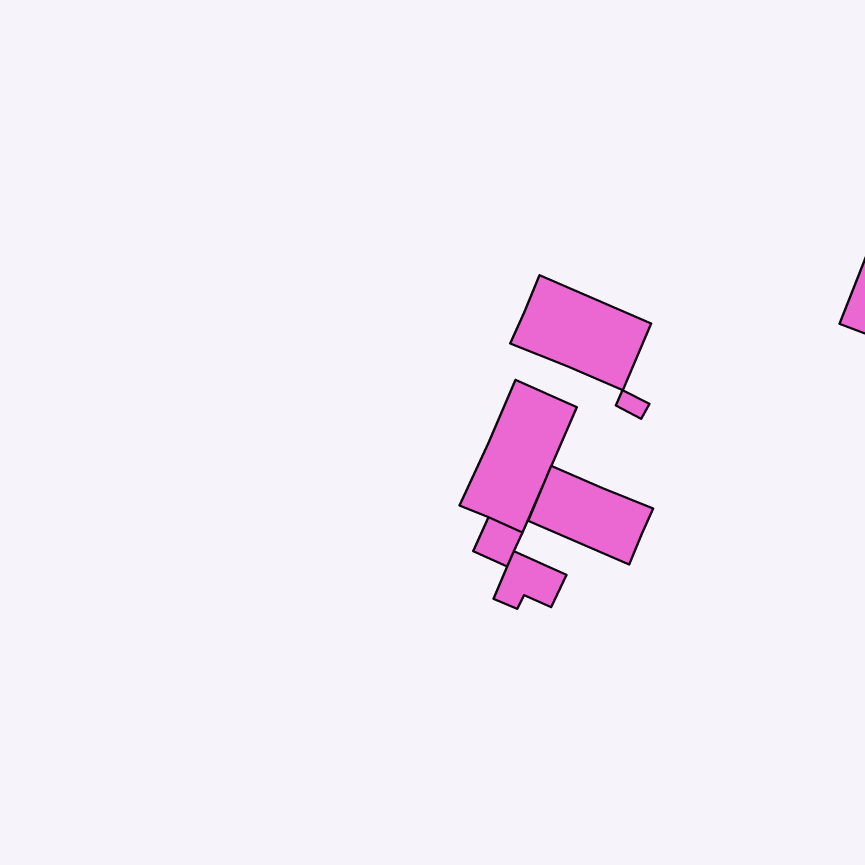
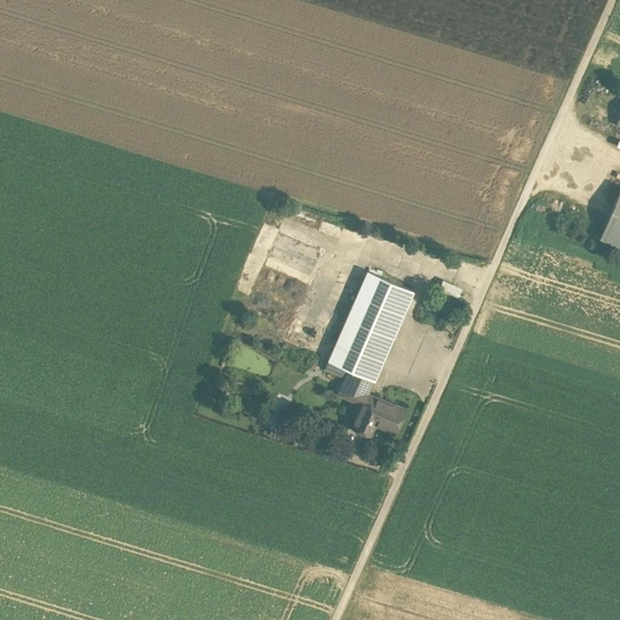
building: [510,275,651,390] -> none
building: [528,466,653,564] -> none

